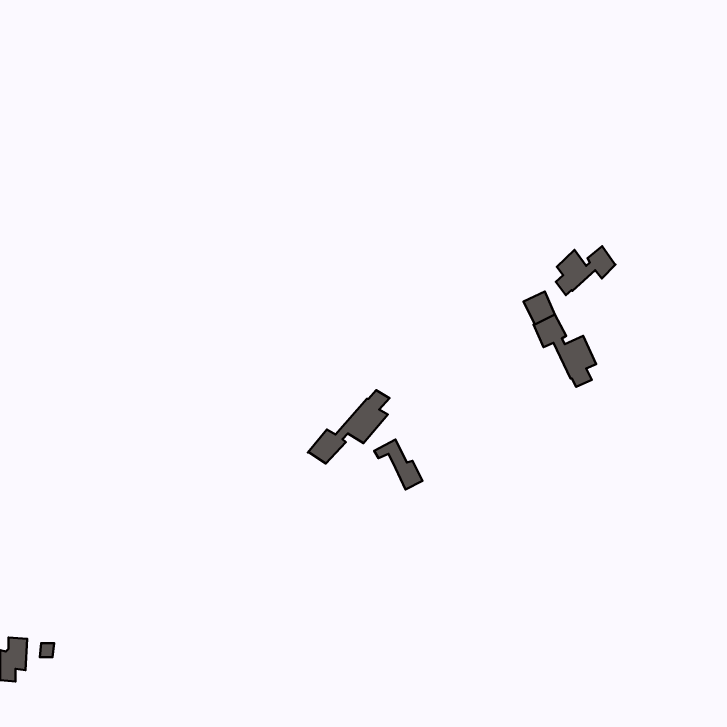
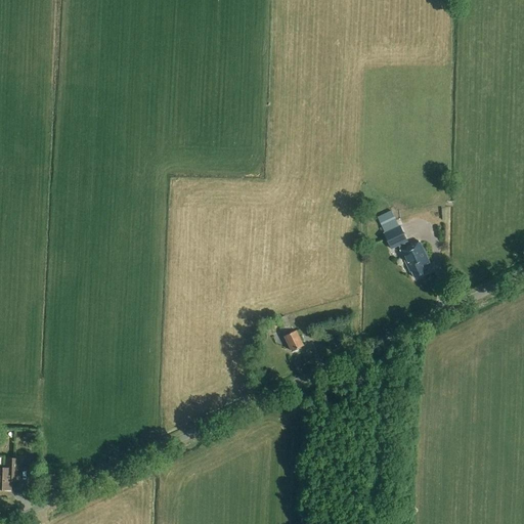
building: [556,246,616,295] -> none
building: [308,390,389,464] -> none

